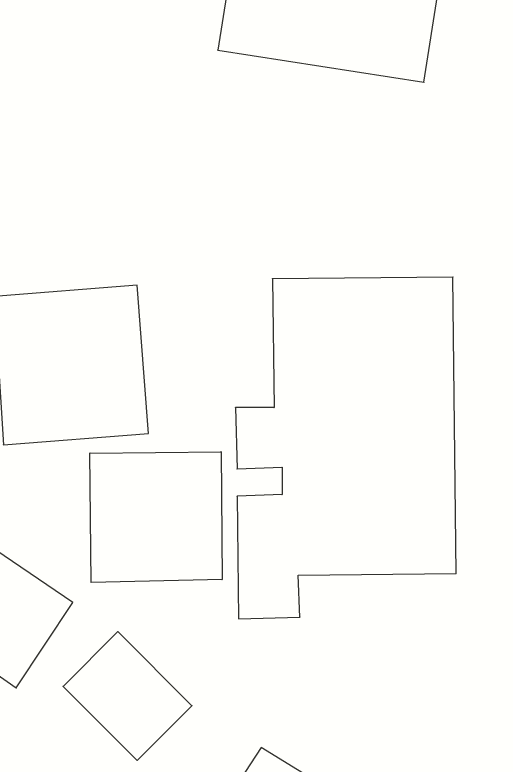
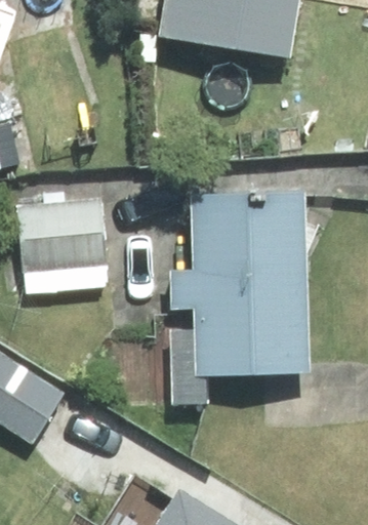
building: [90,452,222,582] -> none

